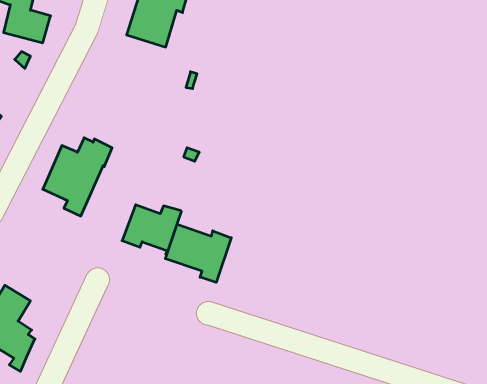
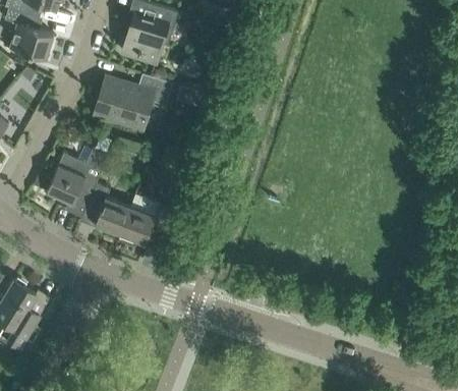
building: none -> [95,74,172,129]
building: none -> [80,182,130,239]
building: [165,224,231,282] -> none

